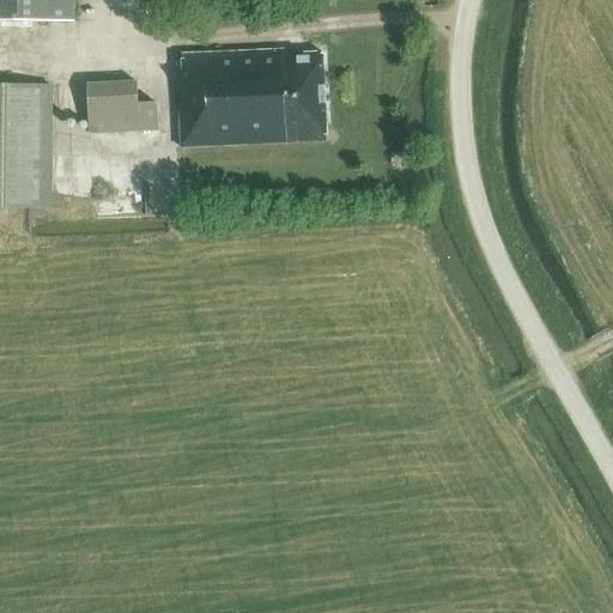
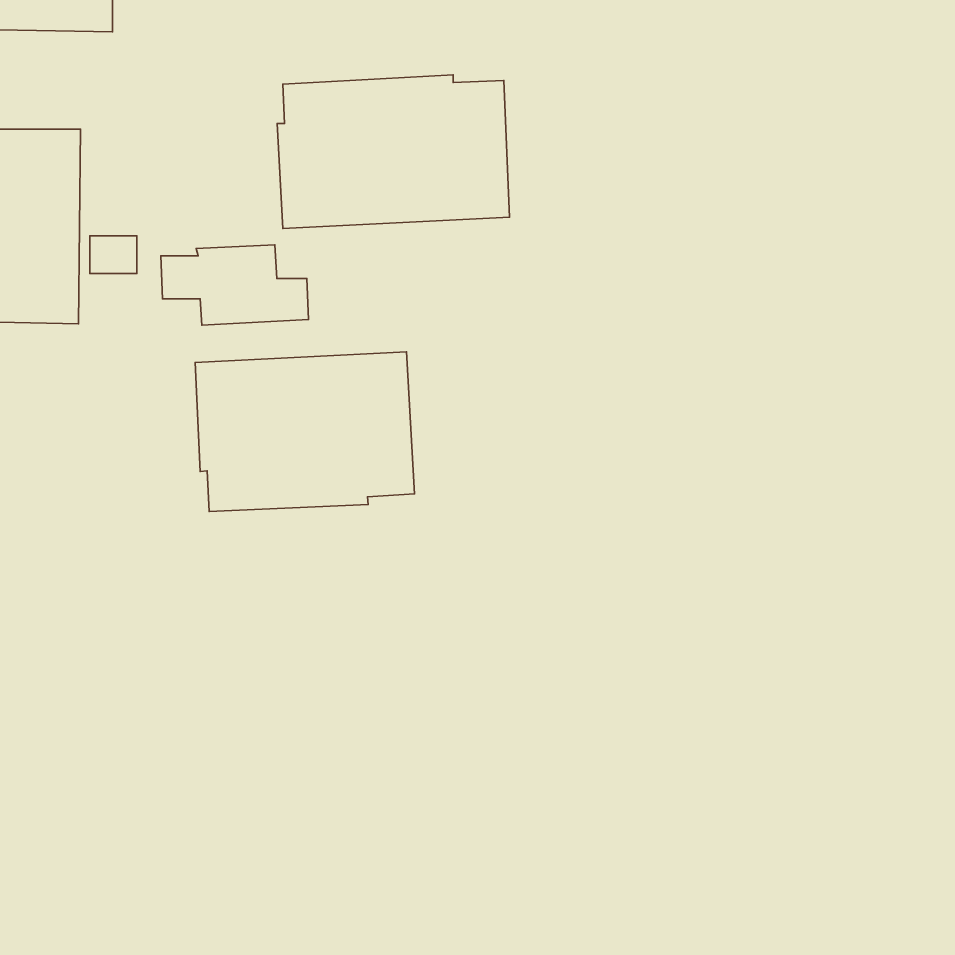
building: [62,81,157,133] -> [161,245,309,325]
building: none -> [195,352,415,512]

